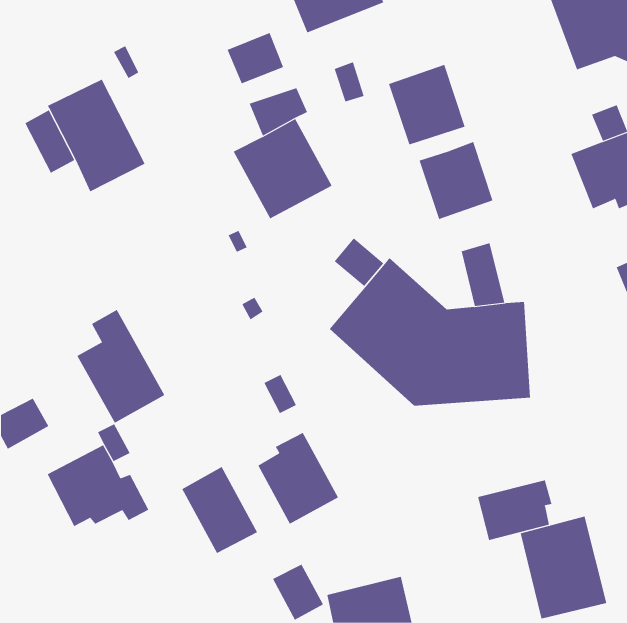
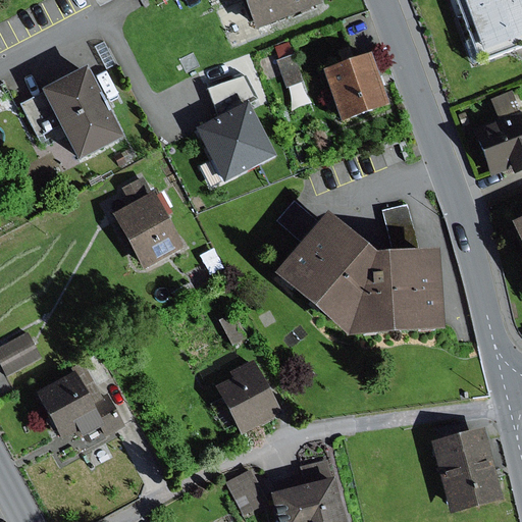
building: [227,32,284,84] -> none
building: [419,141,493,220] -> none
building: [76,309,165,424] -> [111,173,185,268]
building: [181,466,258,554] -> none
building: [478,479,552,541] -> none

